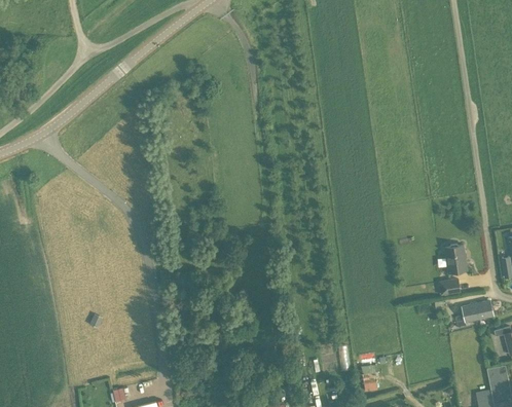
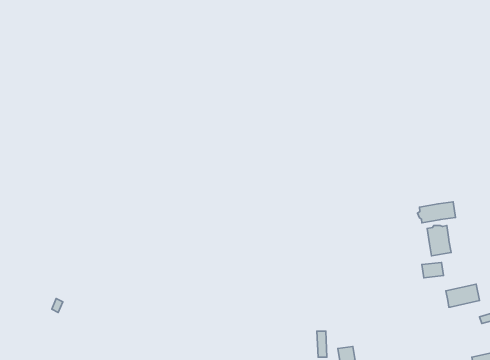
building: none -> [418,202,456,223]

